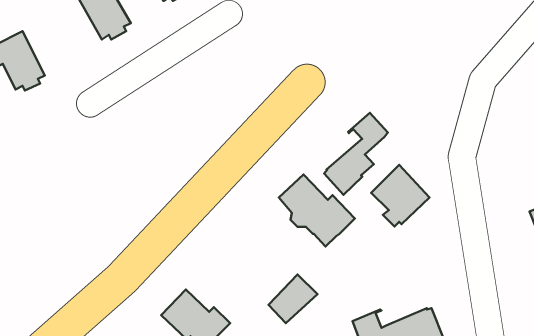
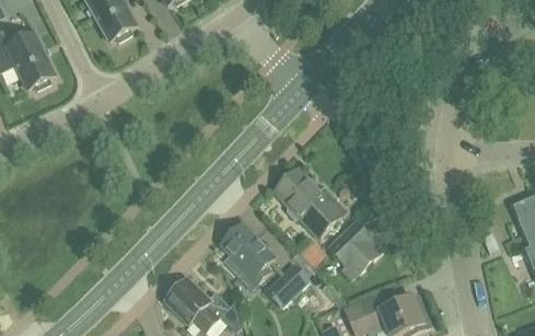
building: [324,113,388,195] -> none
building: [371,165,430,227] -> [328,220,383,278]
building: none -> [221,222,274,282]

